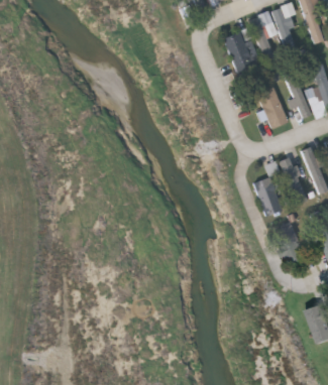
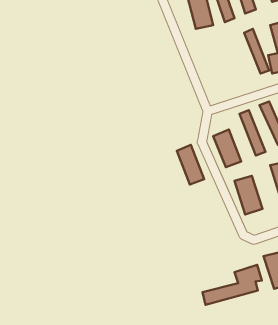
building: [256,87,289,131] -> none
building: none -> [177,145,204,184]
building: none -> [202,265,262,305]

